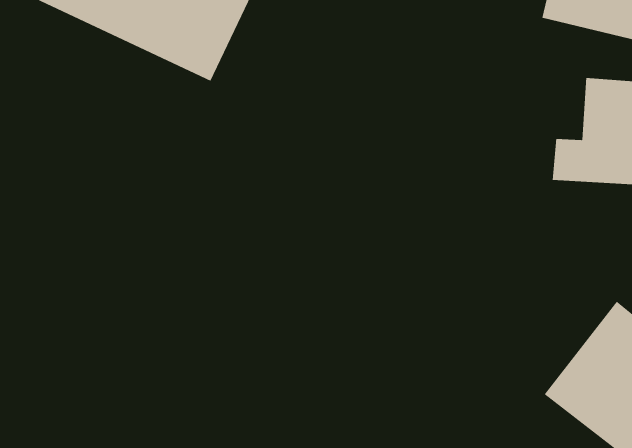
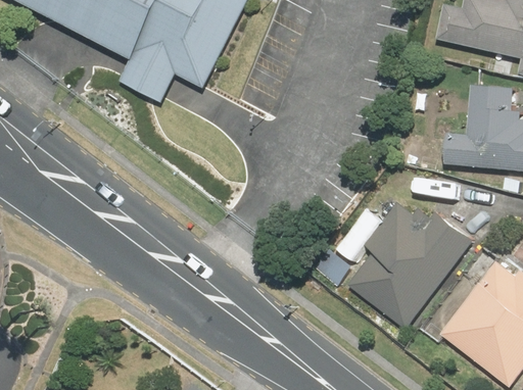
building: none -> [347,202,477,329]

